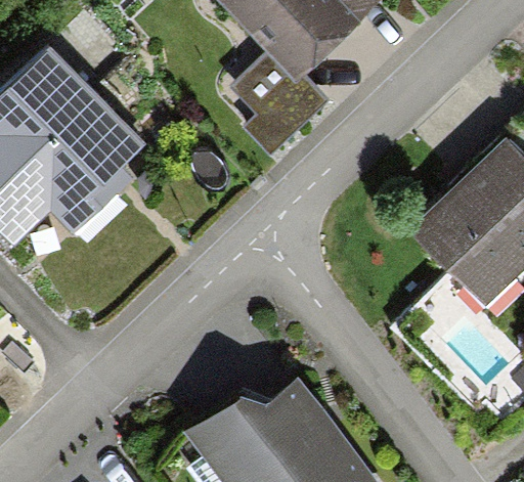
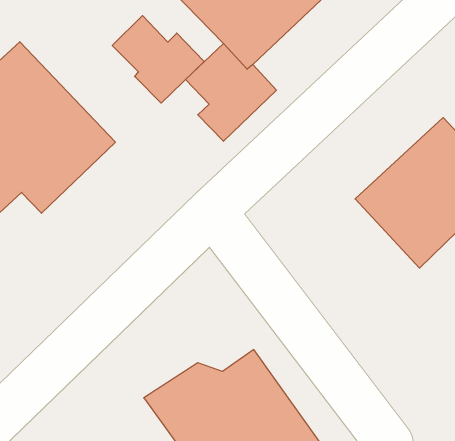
building: none -> [112,16,204,103]

